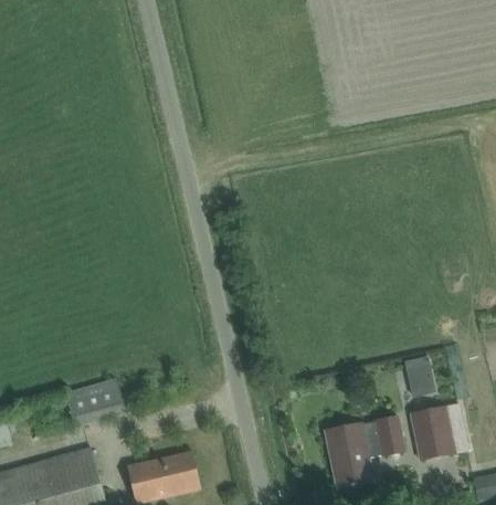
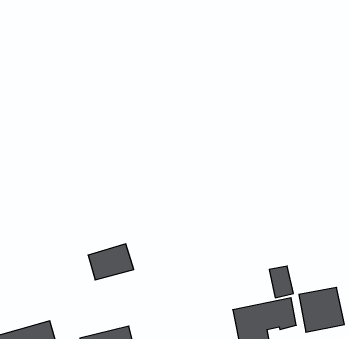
building: [404,358,435,399] -> [269,266,293,298]
building: [66,379,125,425] -> [88,244,134,280]

